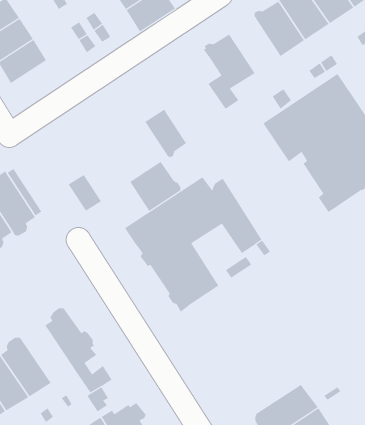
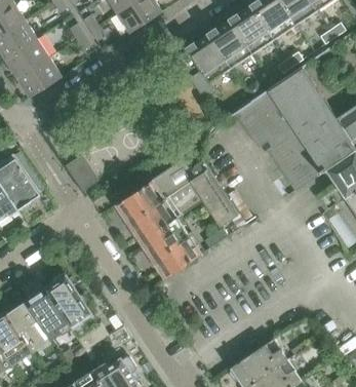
building: none -> [207,18,252,69]
building: none -> [16,57,62,98]
building: [145,109,188,159] -> none
building: [129,160,182,212] -> none
building: none -> [27,286,71,340]

